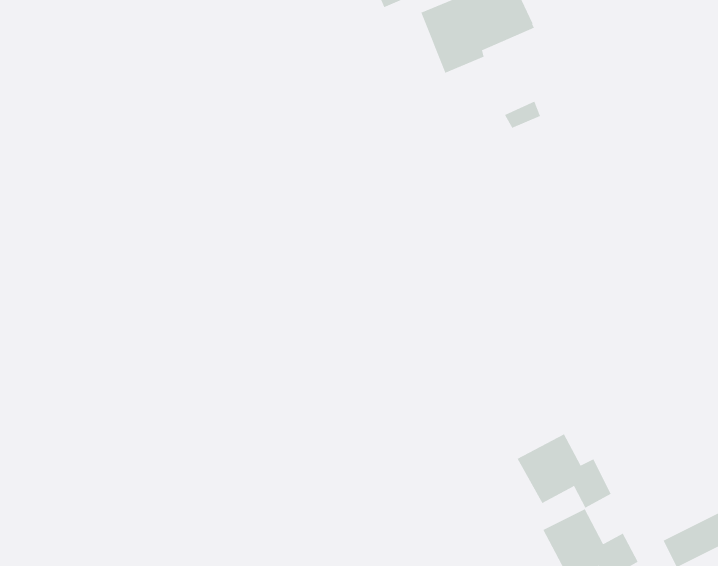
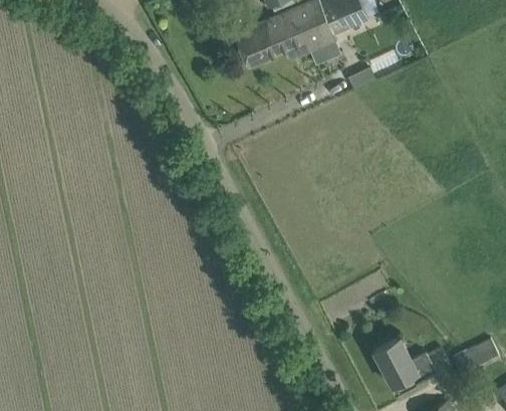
building: none -> [234,11,309,66]
building: [517,433,611,508] -> none

